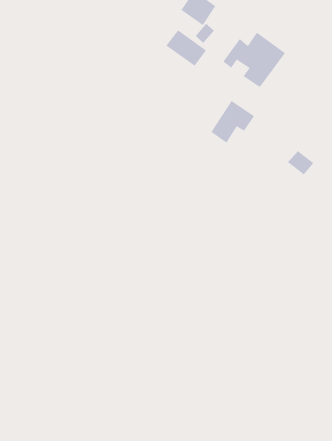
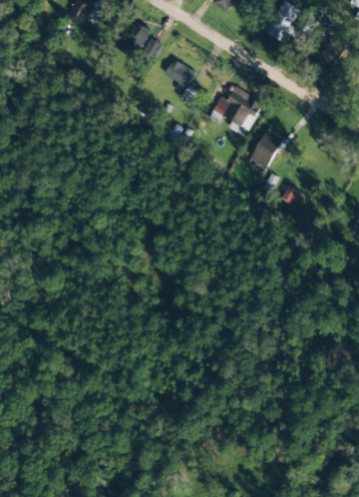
building: [166,30,207,66] -> none
building: [210,100,255,144] -> [251,127,288,166]

